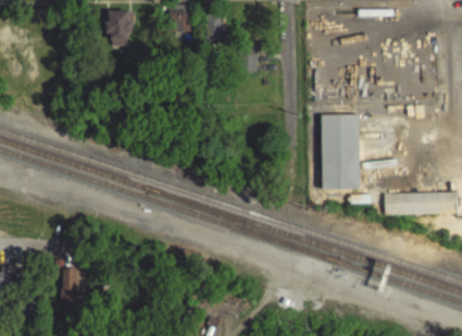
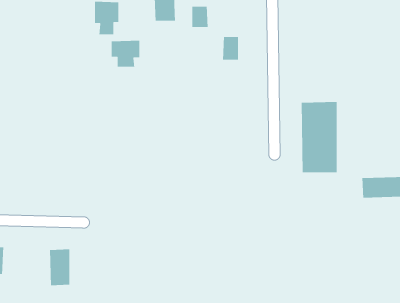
building: none -> [111,40,140,67]

